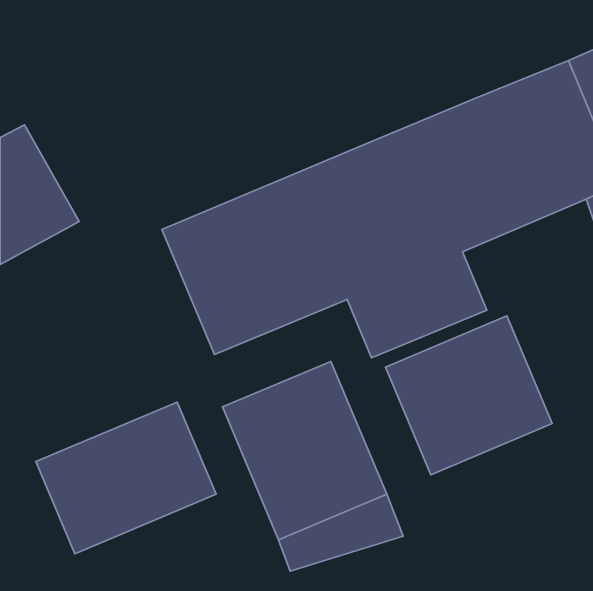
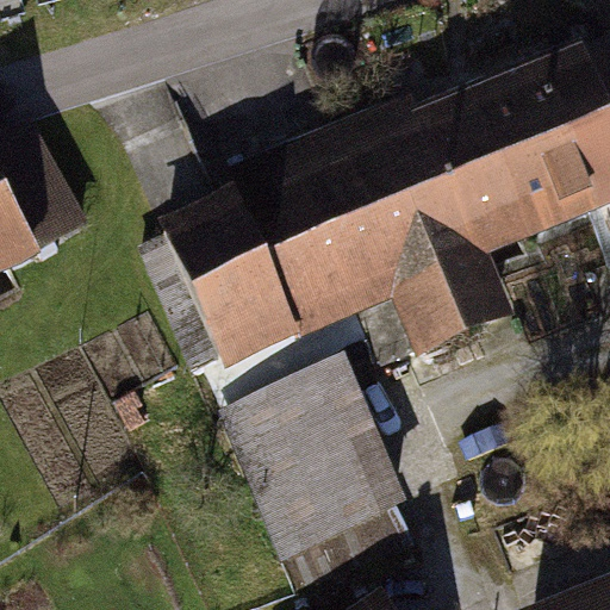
building: [386,316,552,475] -> none
building: [36,402,216,554] -> none

